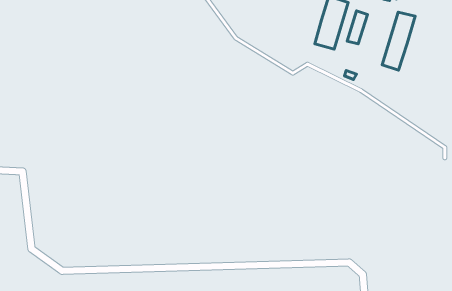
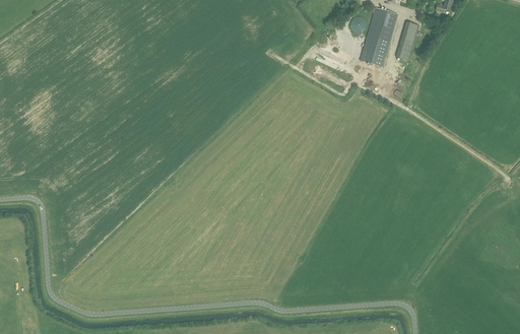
building: [382,12,415,70] -> none

